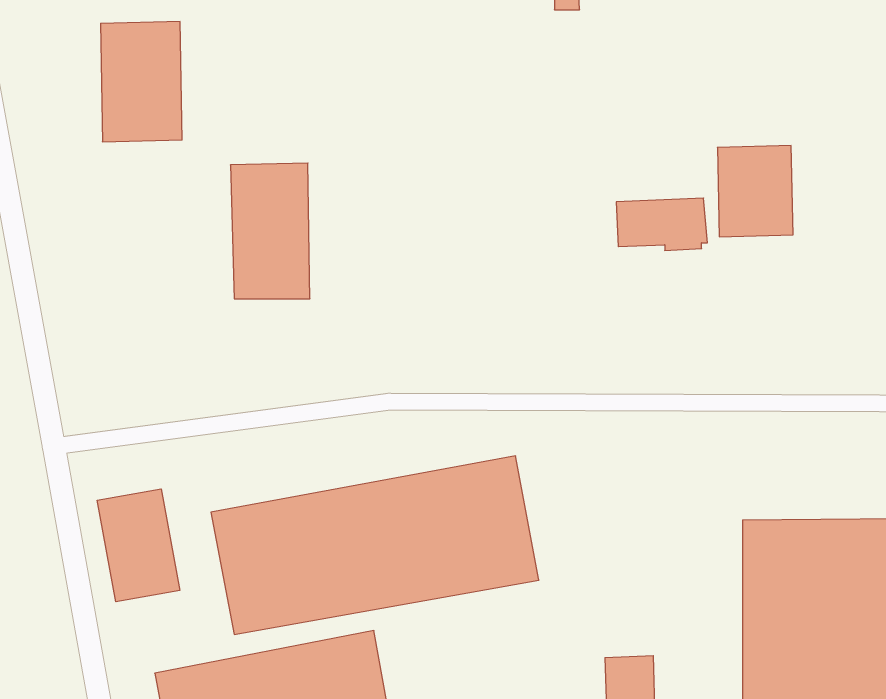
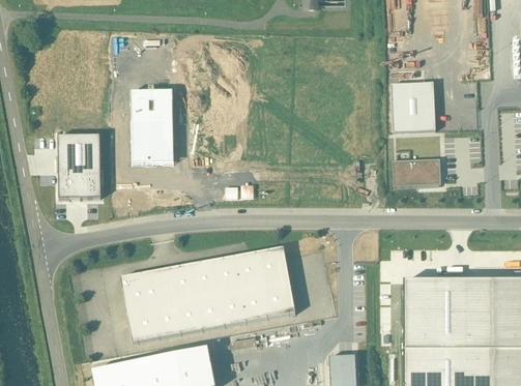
building: [101,22,182,142] -> [58,132,102,197]
building: [616,198,707,250] -> [392,158,440,186]
building: [97,489,180,602] -> none

